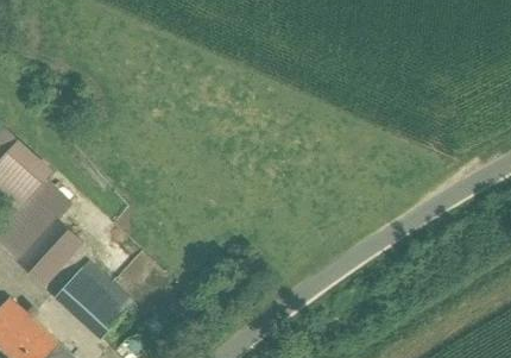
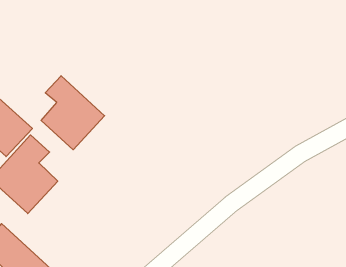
building: none -> [41,76,105,150]
building: [57,260,133,338] -> none

